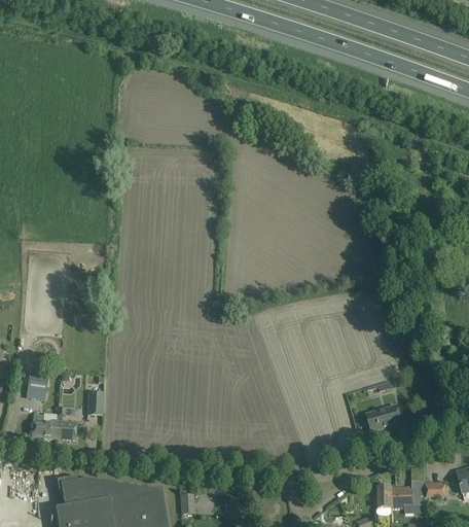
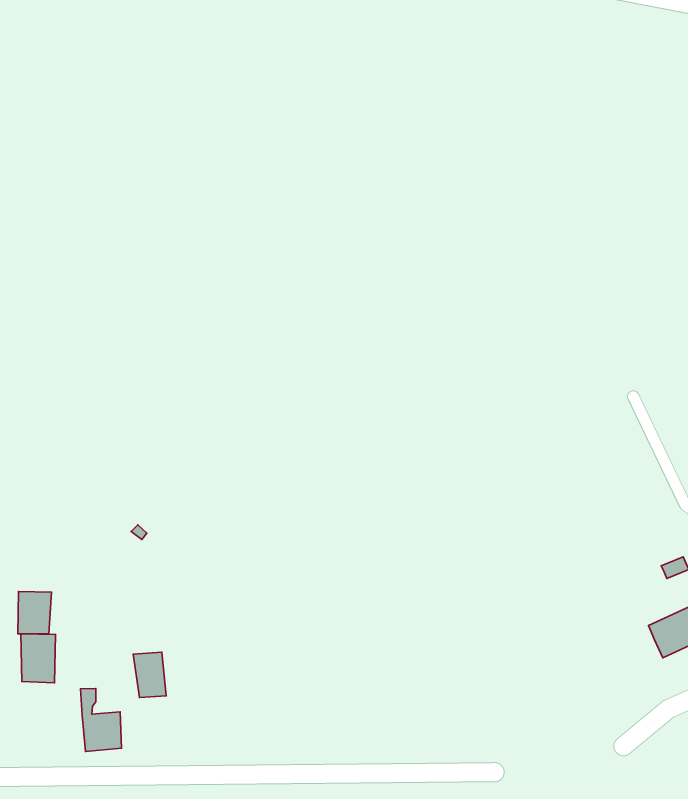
building: none -> [18,592,51,634]
building: [32,413,57,438] -> none

